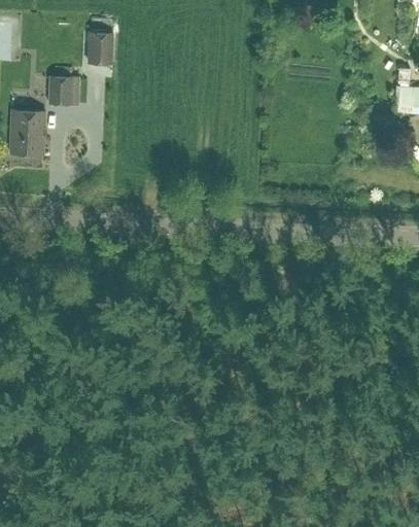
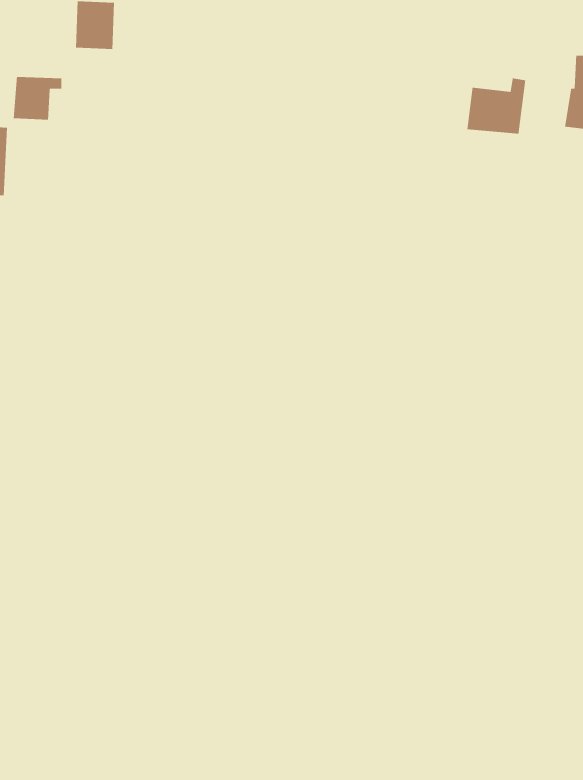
building: none -> [467,77,526,134]

